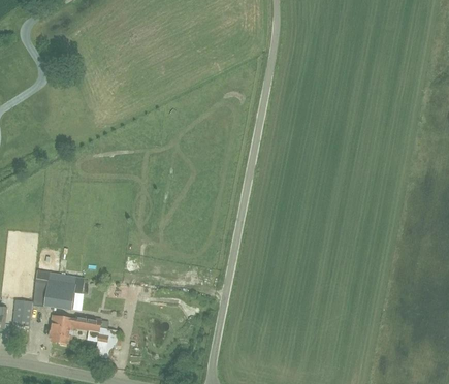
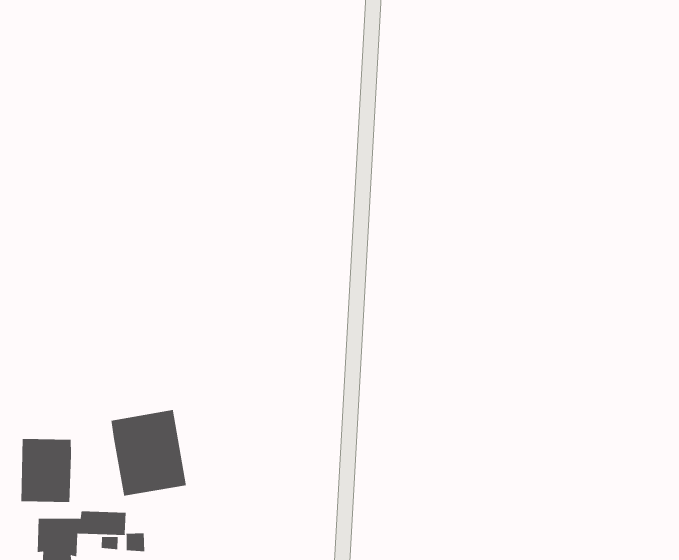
building: none -> [111,409,186,497]

